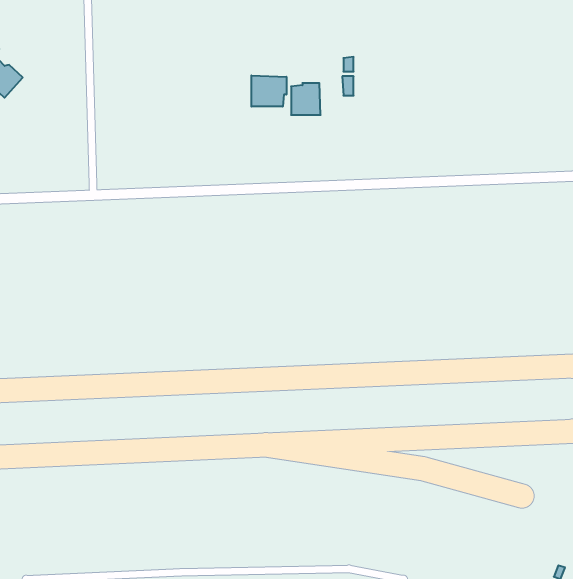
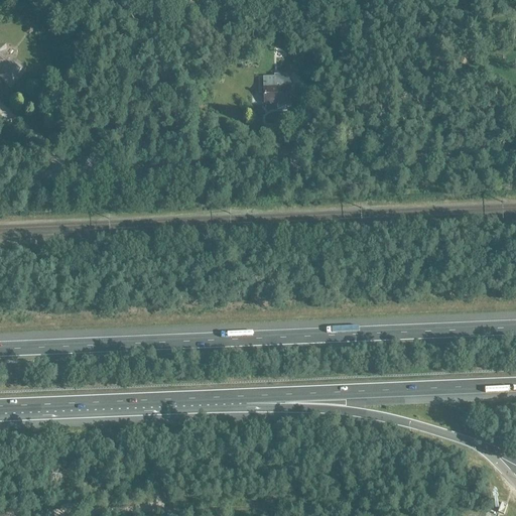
building: [251,75,286,107] -> none

